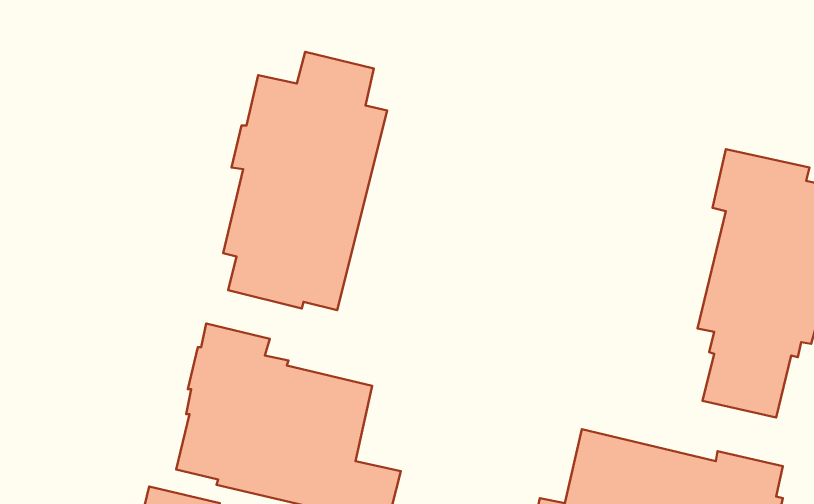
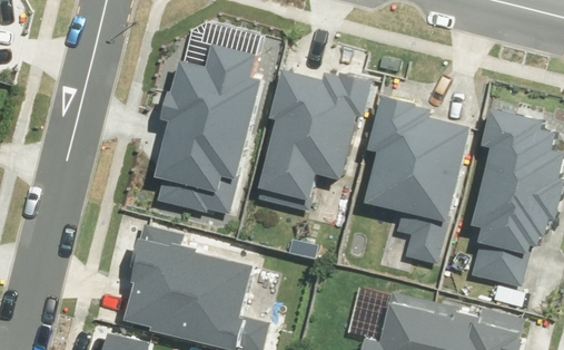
building: none -> [258,68,372,211]
building: none -> [363,94,468,265]

